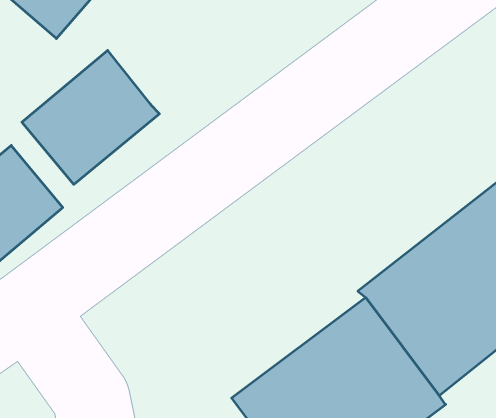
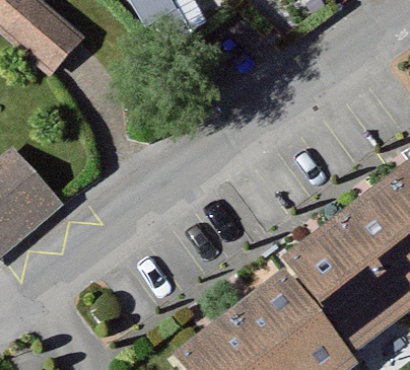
building: [22,50,159,184] -> none

